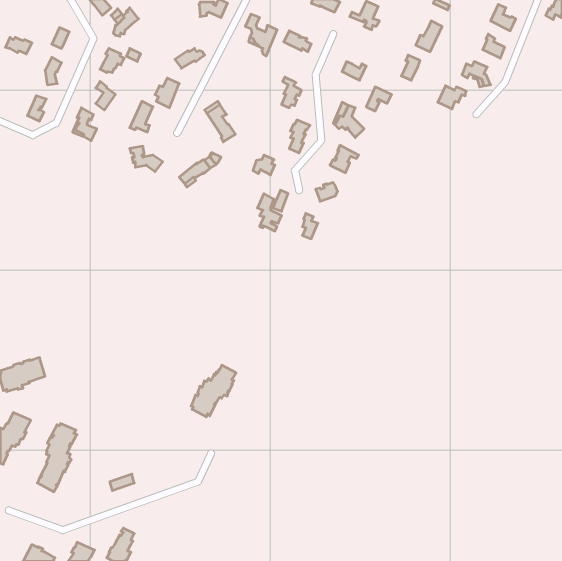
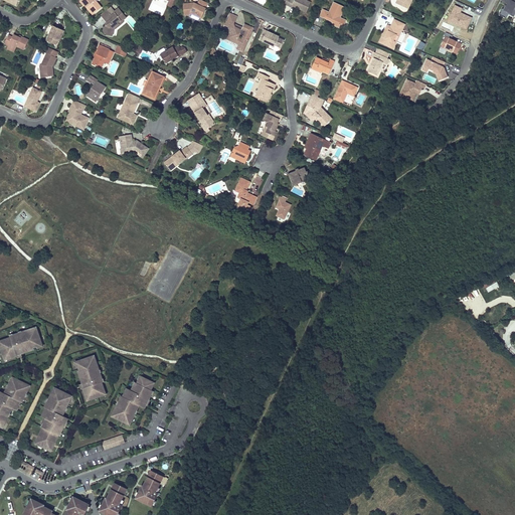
building: [191,365,236,417] -> [112,375,153,422]
building: none -> [74,355,104,398]
building: none -> [134,471,160,506]

